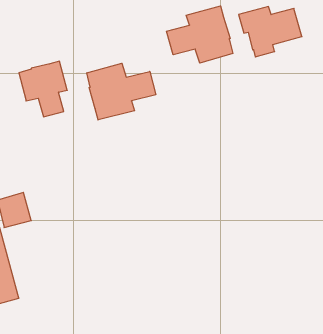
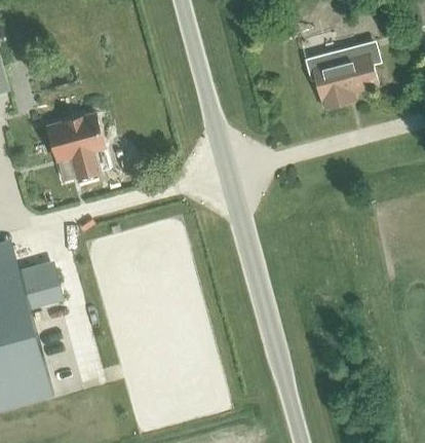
building: [167,6,233,63] -> none
building: [87,63,156,120] -> none

